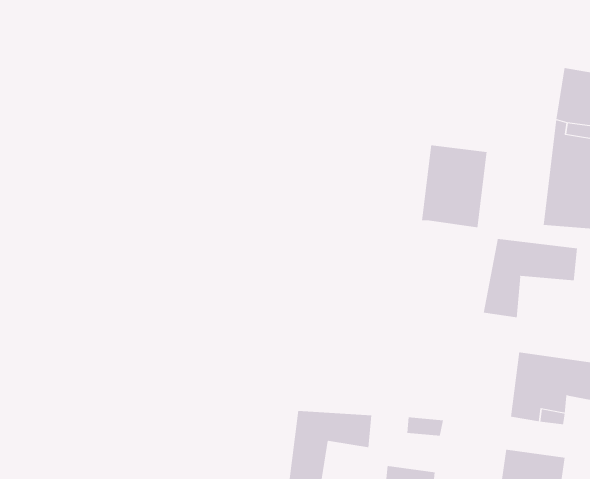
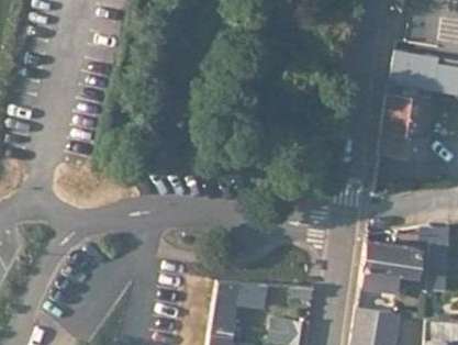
building: [421,144,487,228] -> none
building: [483,238,577,318] -> none

